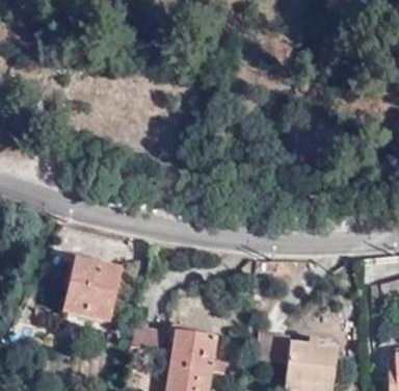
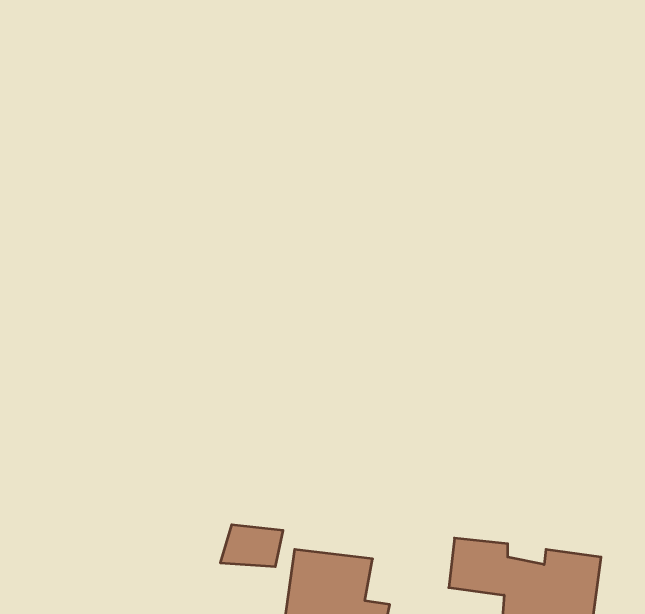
building: [61,261,118,320] -> none

